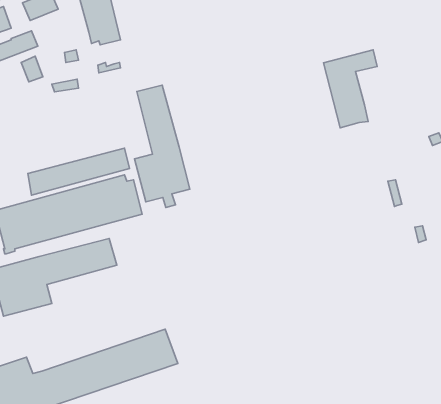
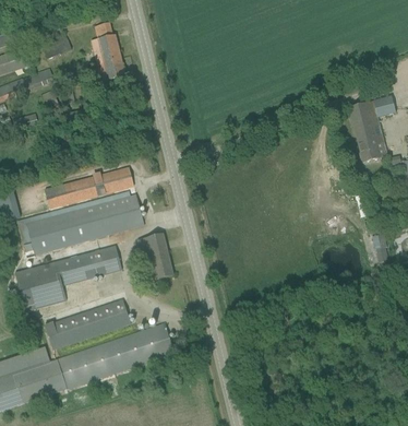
building: [324,50,377,128] -> [349,95,395,162]
building: [134,85,190,208] -> none
building: none -> [137,233,173,281]
building: none -> [45,299,135,350]

